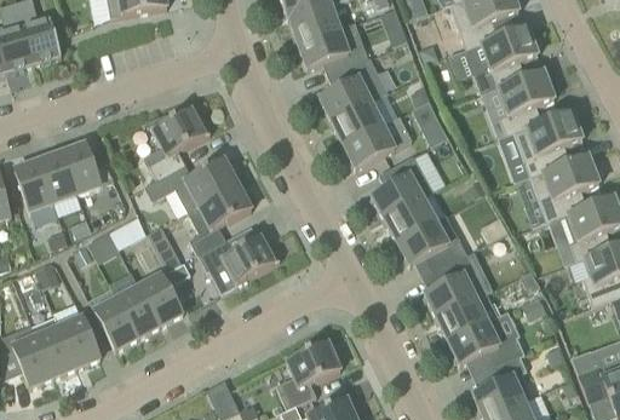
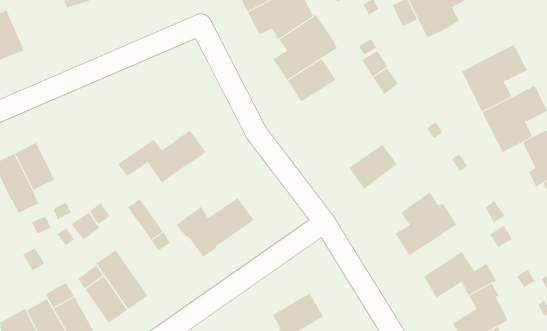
building: [498,70,553,136] -> none
building: [144,107,211,179] -> none
building: [343,116,412,168] -> none
building: [63,143,111,194] -> none
building: [371,155,434,218] -> none
building: [188,184,252,255] -> none
building: [397,214,466,271] -> none
building: [139,275,183,326] -> none
building: [436,293,498,340] -> none

